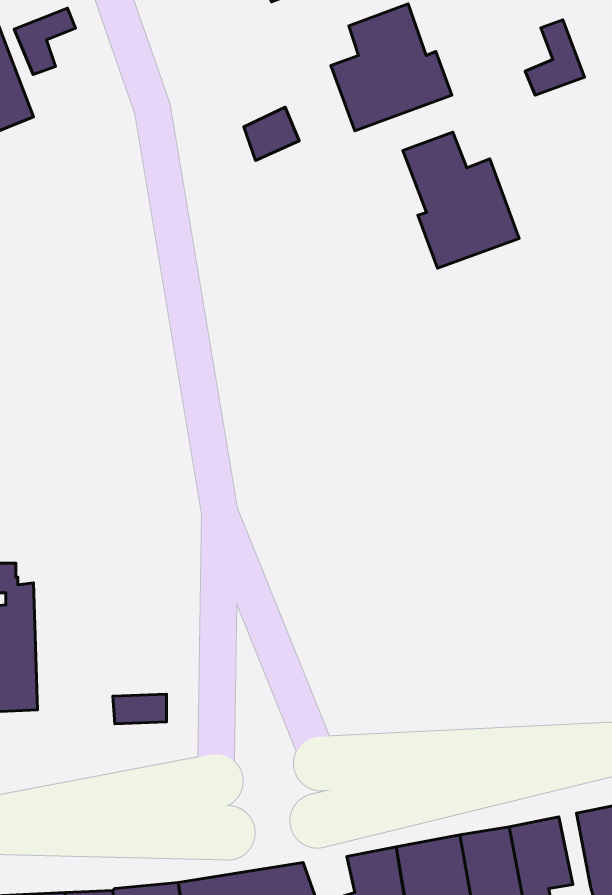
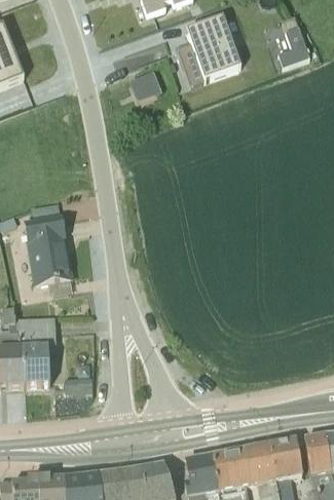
building: [14,8,76,75] -> none
building: [403,132,519,268] -> none
building: none -> [20,203,72,294]
building: none -> [23,317,55,384]

